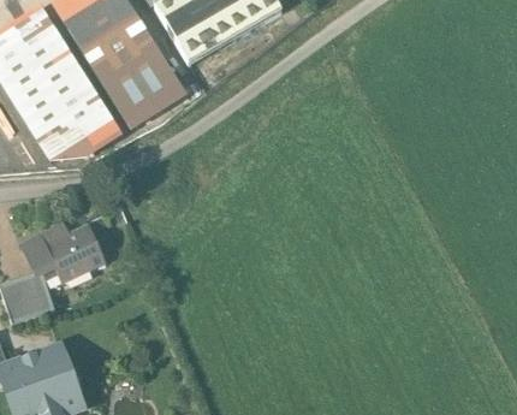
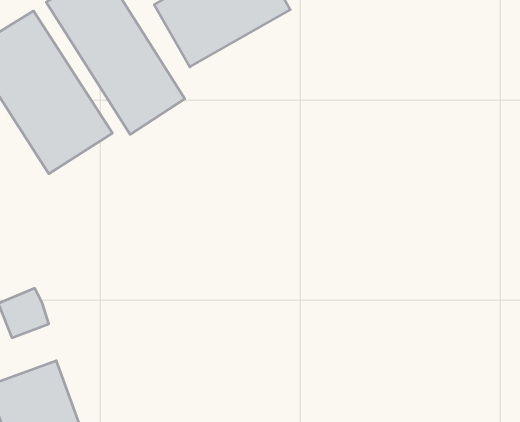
building: [25,221,105,287] -> none

